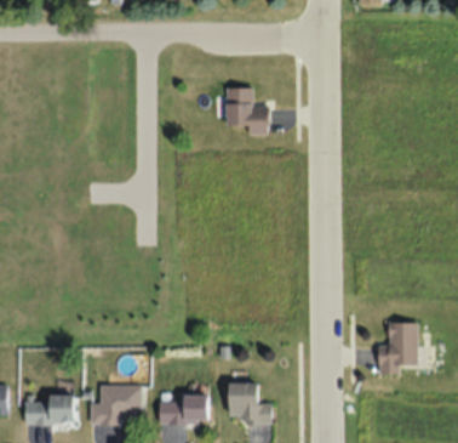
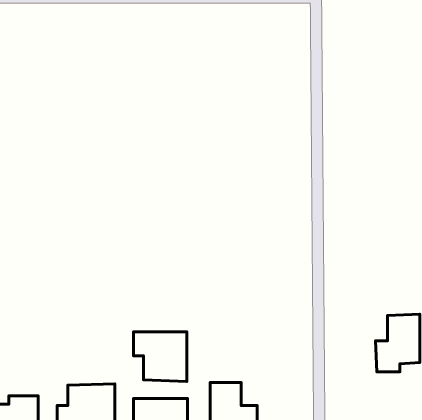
building: [225,87,268,132] -> none
building: none -> [134,332,187,381]

